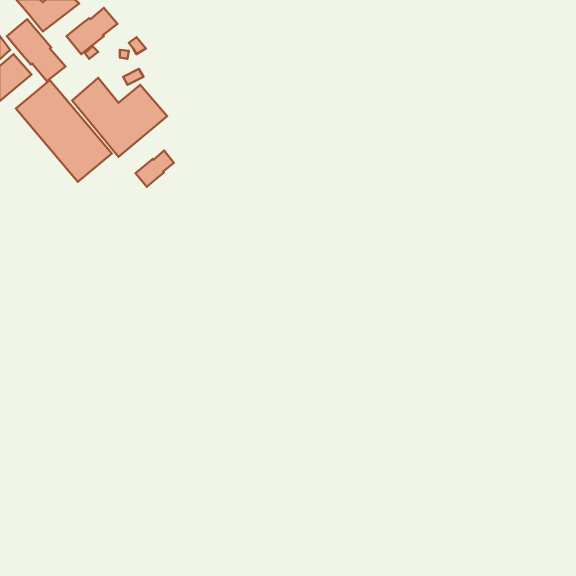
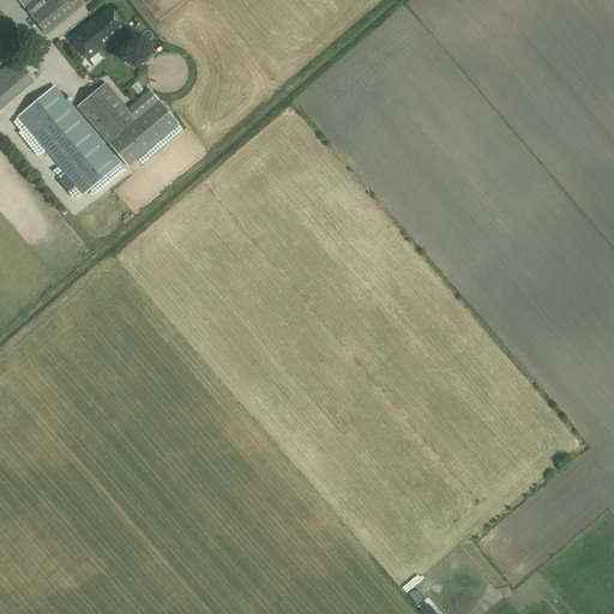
building: [7,19,65,81] -> none
building: [136,151,174,187] -> none

